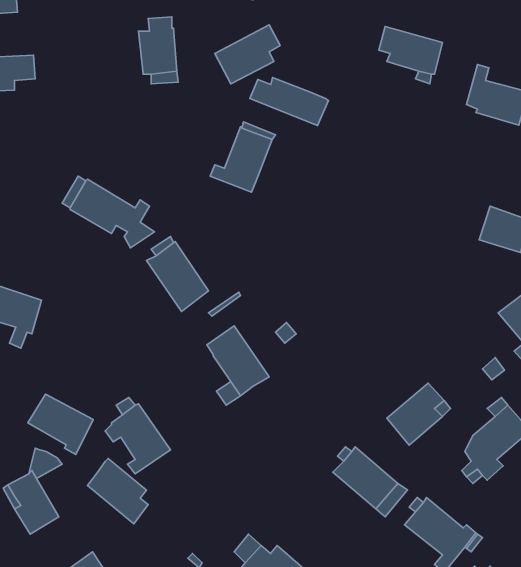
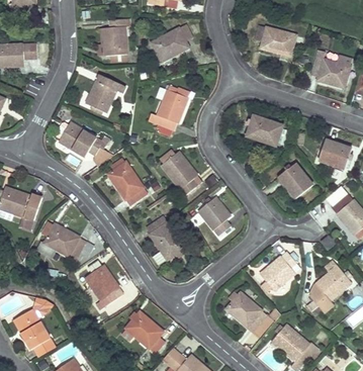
building: [250,78,329,126] -> none
building: none -> [86,75,124,113]
building: none -> [247,116,282,146]
building: none -> [161,152,197,195]
building: none -> [278,164,312,198]
building: none -> [198,197,231,236]
building: [28,394,93,455] -> [43,224,85,263]
building: [88,458,148,524] -> [125,311,164,353]

